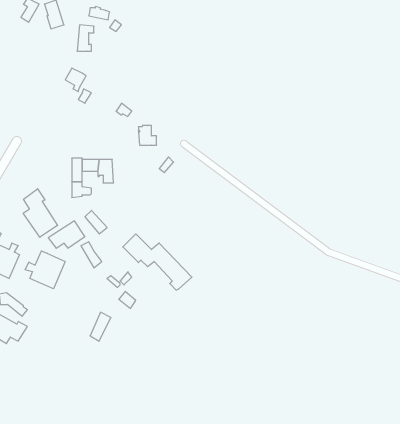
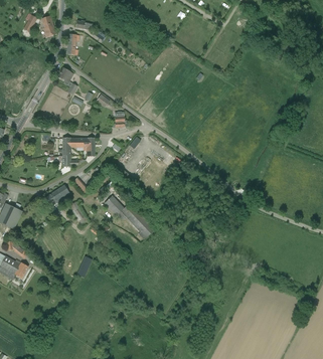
building: [23,189,58,237] -> none
building: [25,251,65,289] -> none

